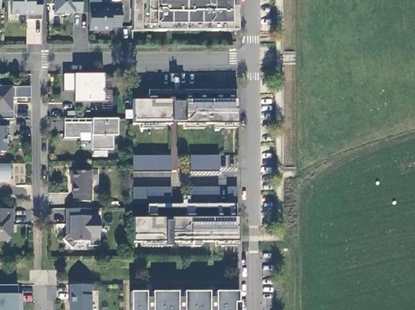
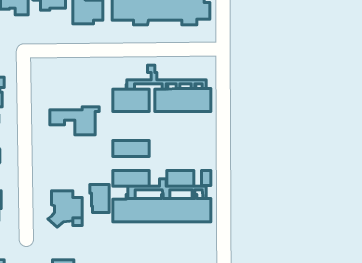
building: [64,73,102,100] -> none
building: [190,154,220,171] -> none
building: [71,170,92,200] -> [90,185,109,213]

